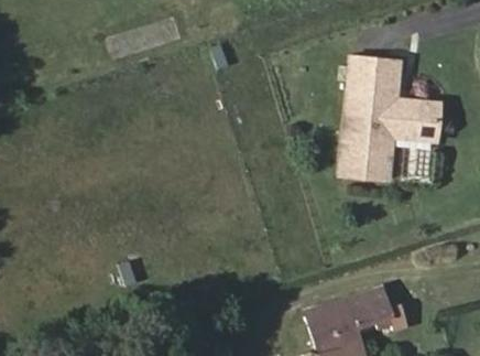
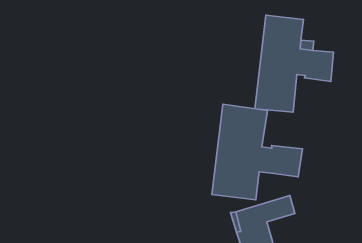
building: none -> [212,104,302,200]

